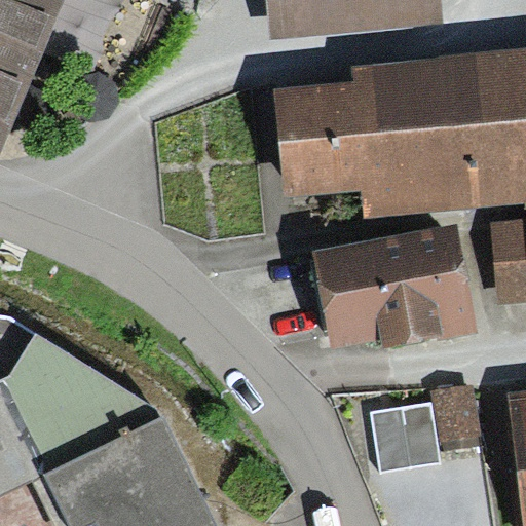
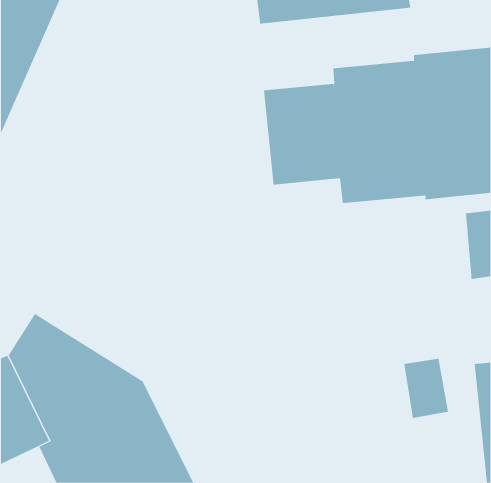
building: [310,219,480,355] -> none
building: [372,401,440,468] -> none

